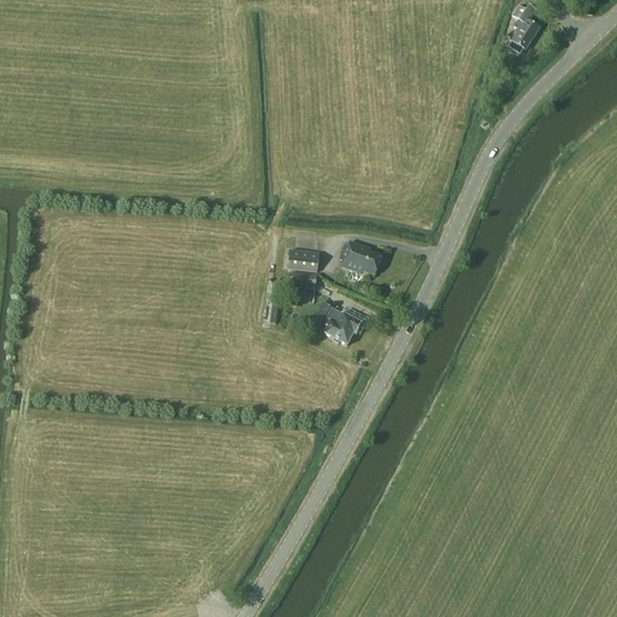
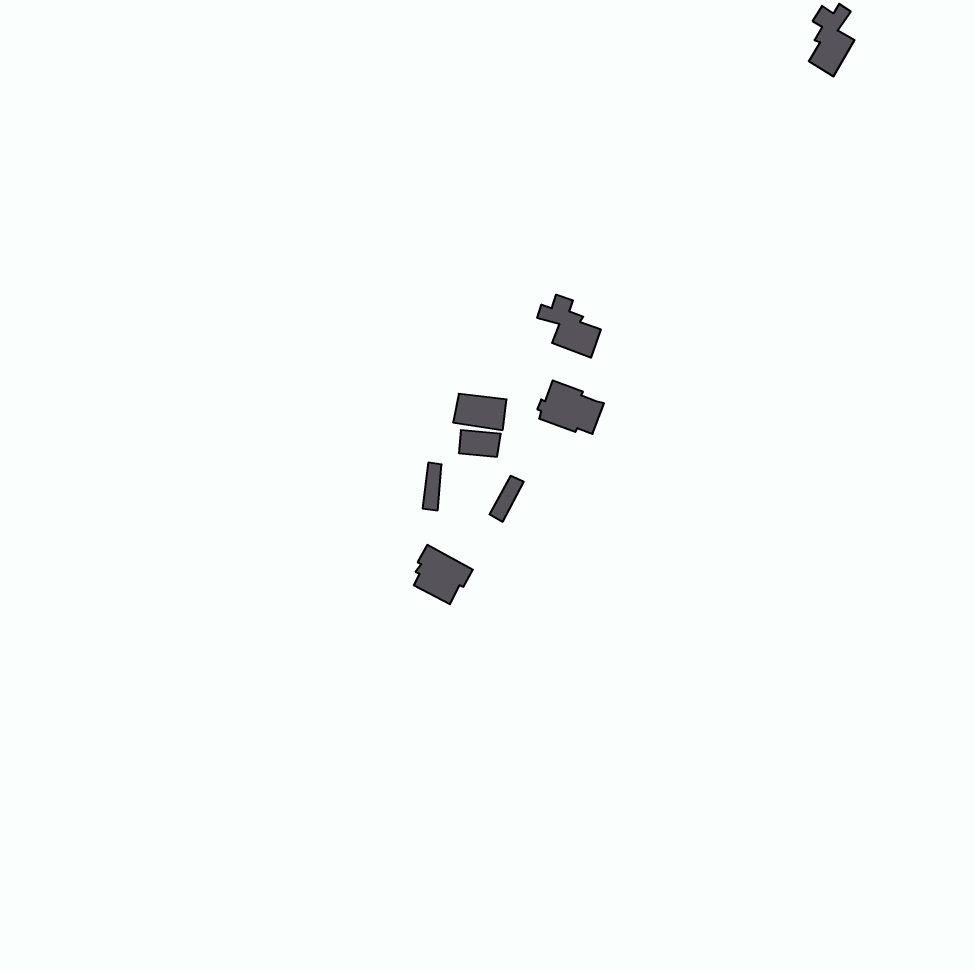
building: none -> [537,295,601,358]
building: [324,307,362,345] -> [414,545,473,604]

